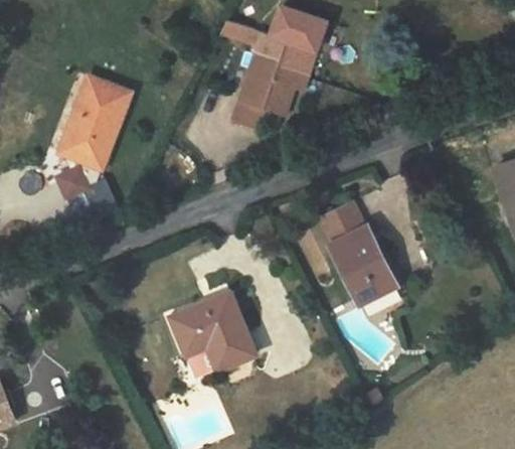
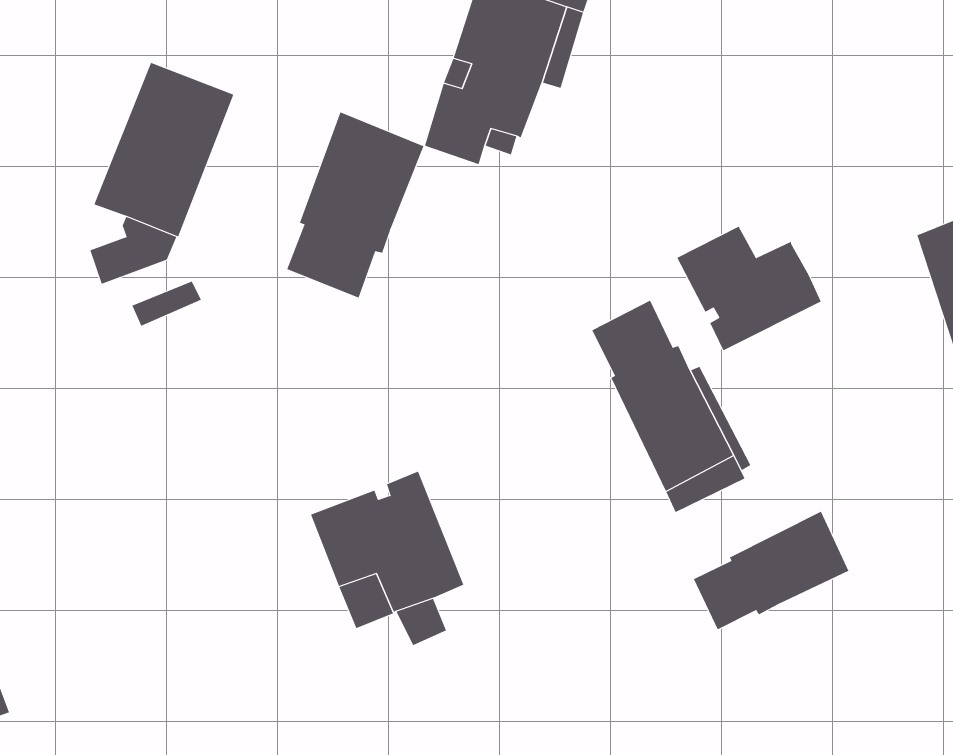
building: none -> [287,112,424,298]
building: none -> [677,226,822,351]
building: none -> [693,511,849,630]

